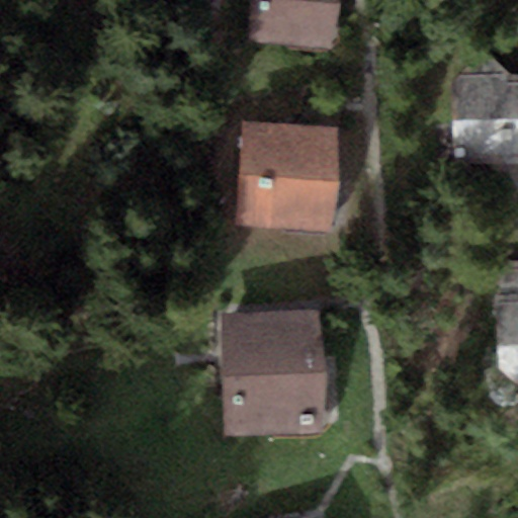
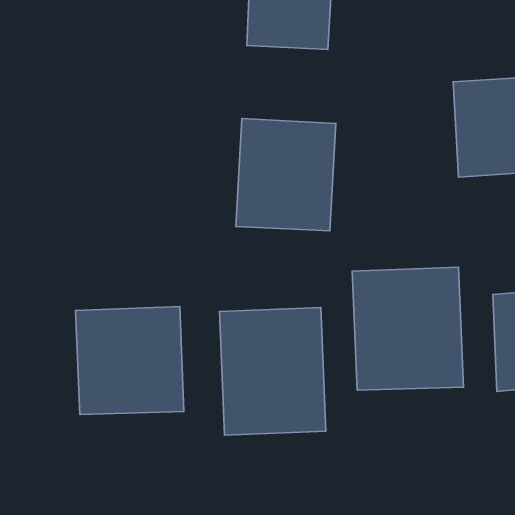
building: none -> [352,267,463,390]
building: none -> [75,306,184,415]

